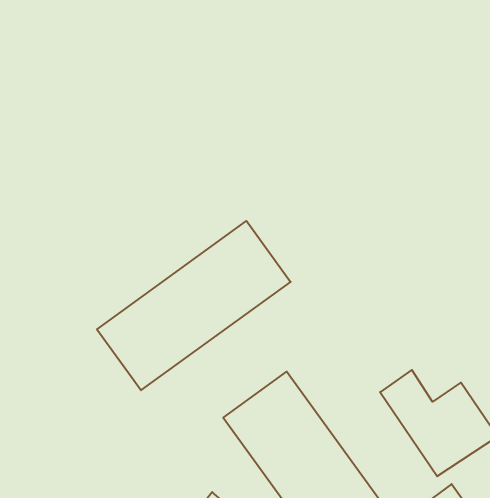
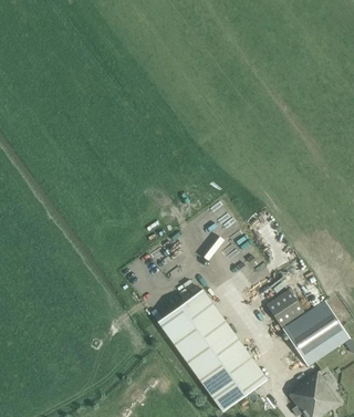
building: [97,221,291,390] -> none

